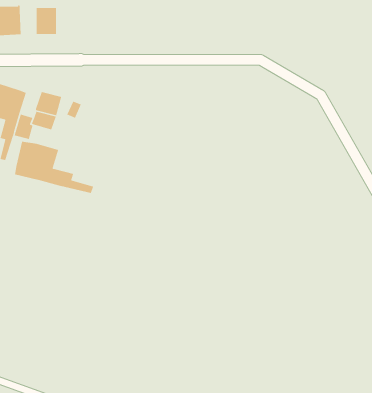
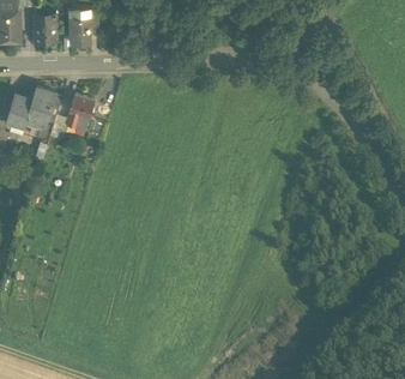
building: [14,141,94,194] -> none

